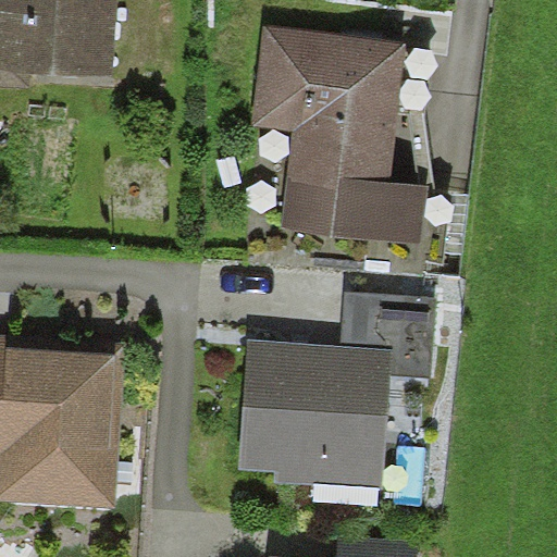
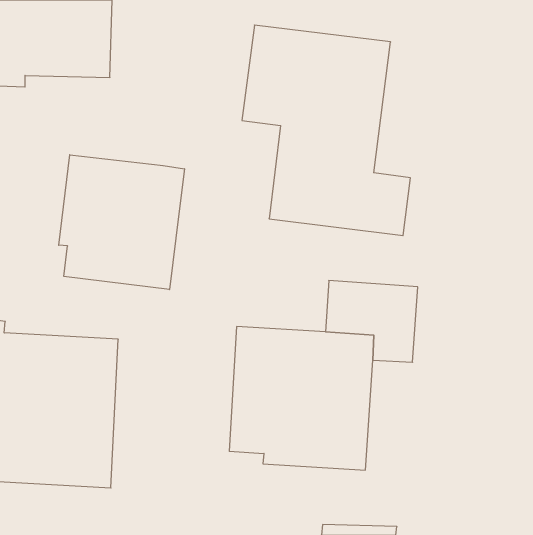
building: none -> [59,155,184,290]

